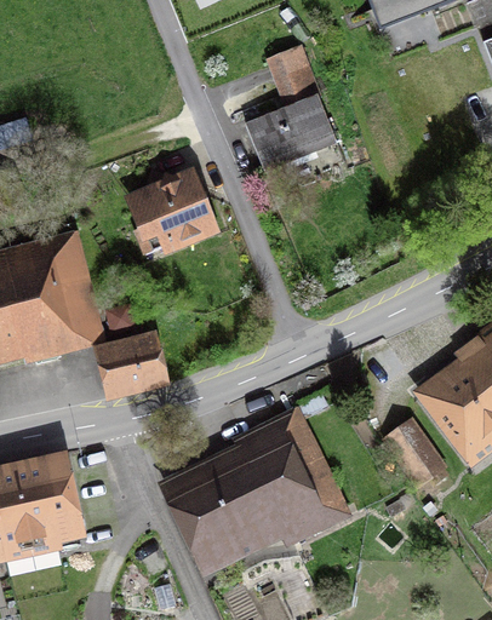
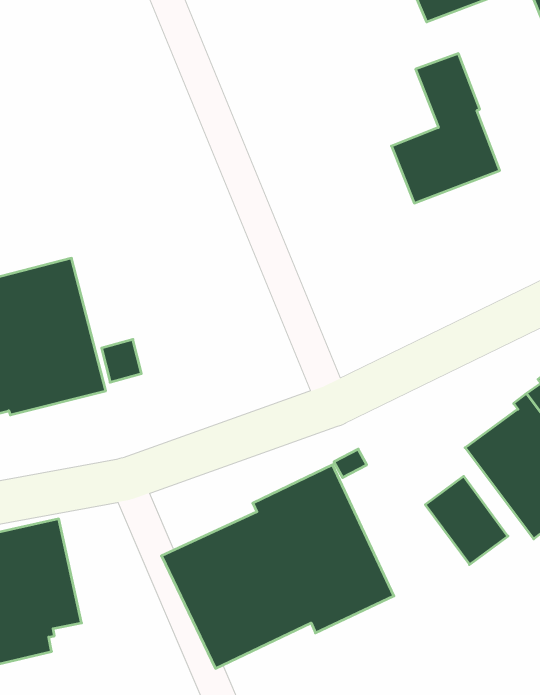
building: [245,44,337,171] -> [391,54,500,203]
building: [124,167,221,254] -> none
building: [92,331,170,403] -> none

